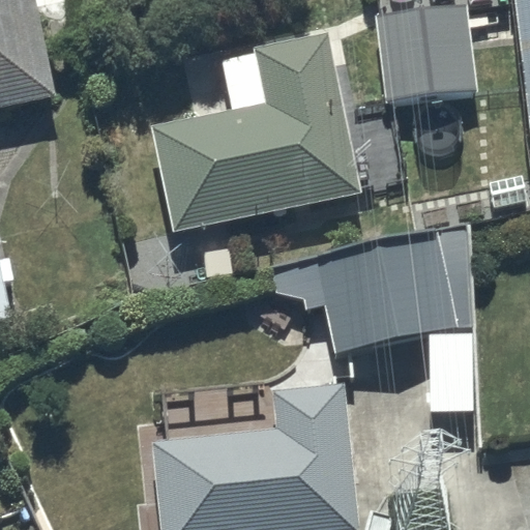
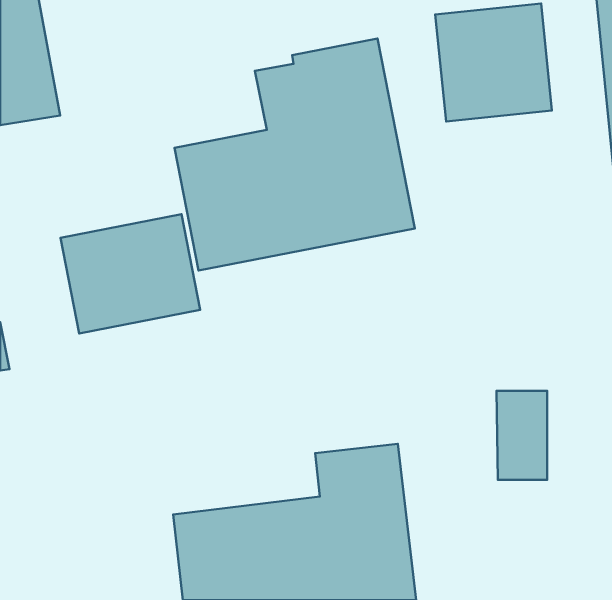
building: none -> [61,214,200,333]
building: [271,226,473,354] -> none

